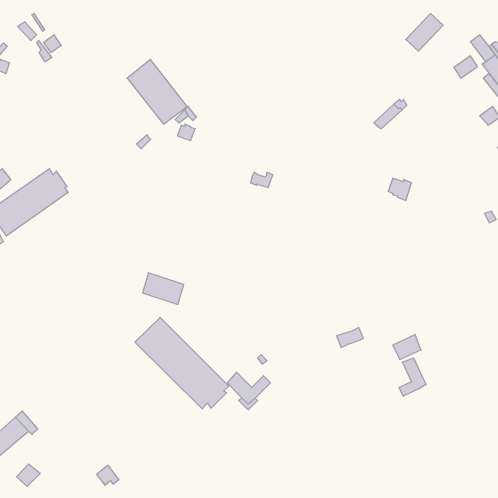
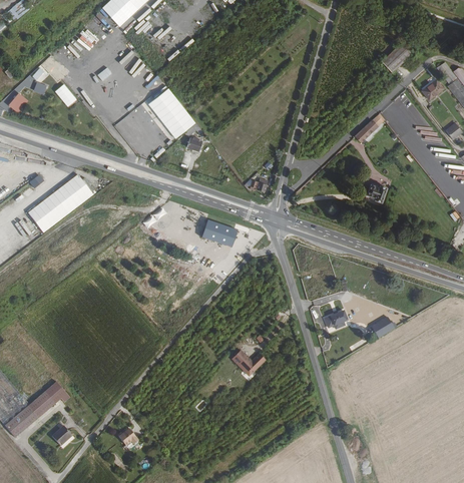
building: [143,273,184,304] -> [200,220,236,248]
building: [135,317,229,409] -> none
building: [399,358,426,396] -> none

